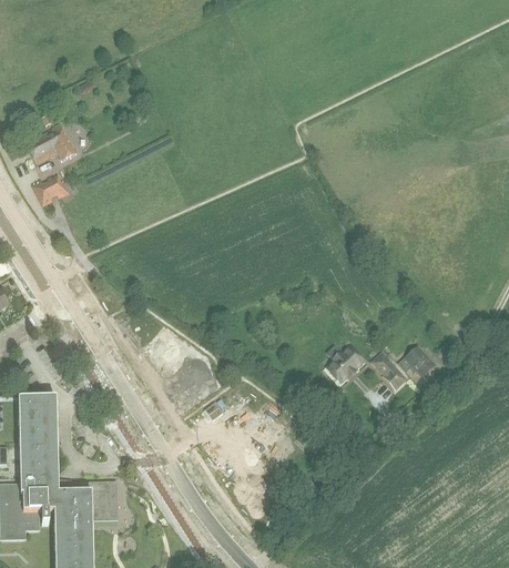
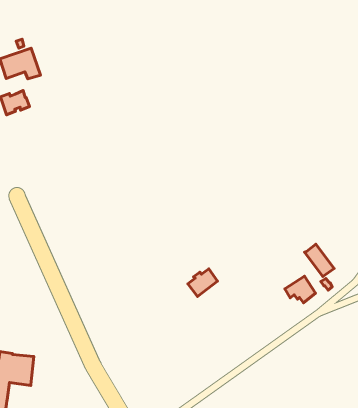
building: [327,348,362,383] -> [188,269,218,296]
building: [369,353,407,389] -> [304,244,334,276]

